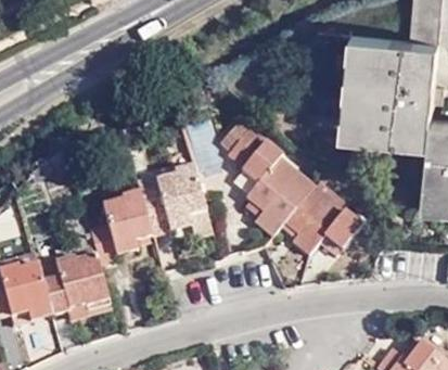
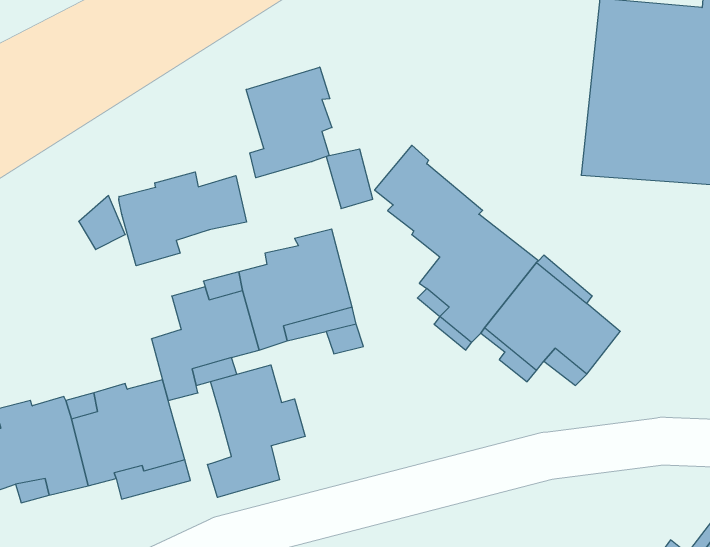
building: none -> [246,67,332,178]
building: none -> [119,172,246,266]
building: none -> [207,365,305,497]

